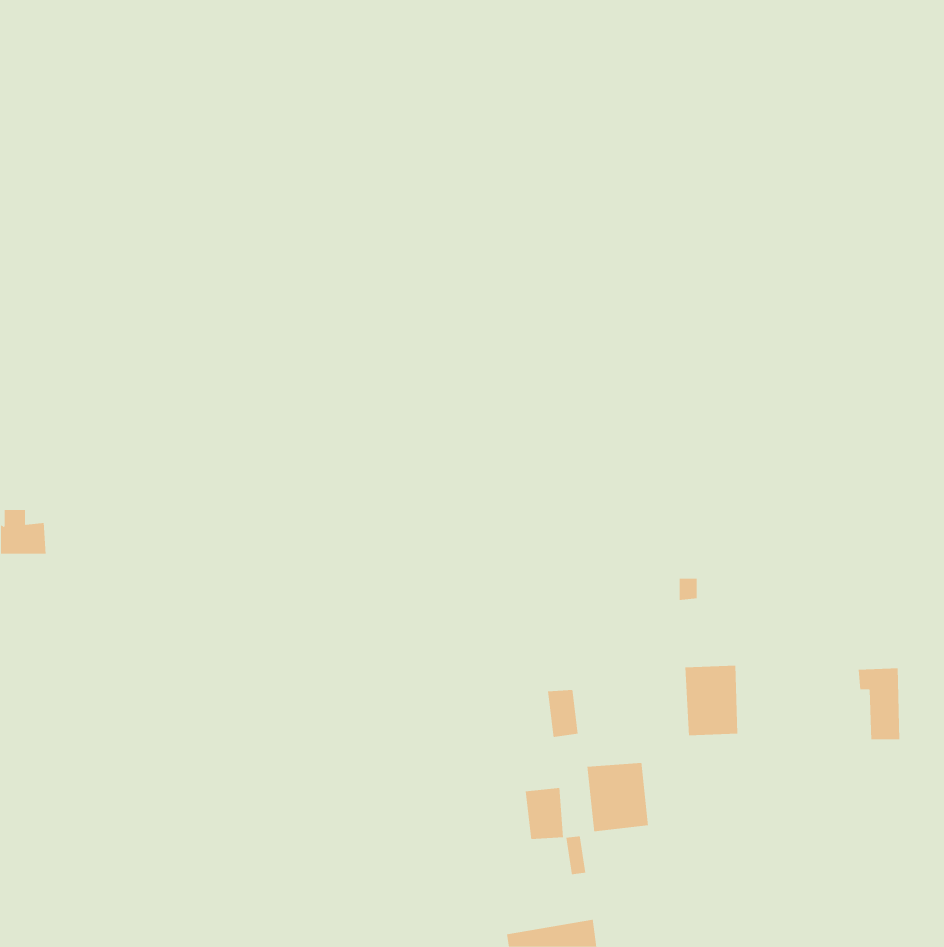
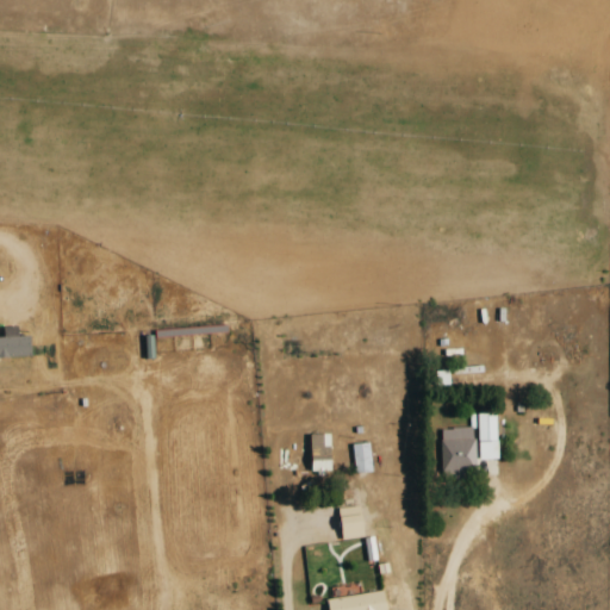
building: [858,668,900,740] -> [472,413,499,460]
building: none -> [311,434,332,462]
building: [587,762,649,832] -> none

